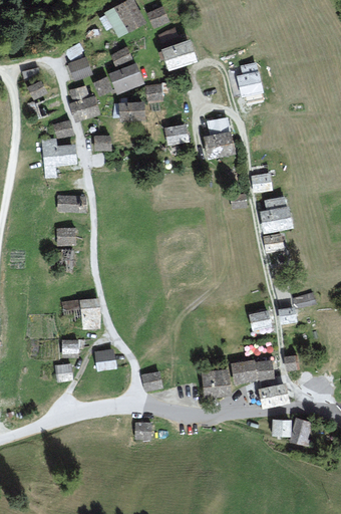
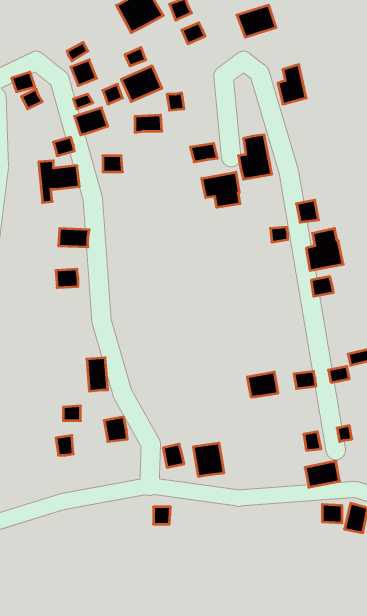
building: [161,39,194,65] -> [237,5,276,37]
building: none -> [202,172,240,207]
building: [232,360,257,380] -> [247,372,278,397]
building: [203,368,228,396] -> [193,443,224,476]

